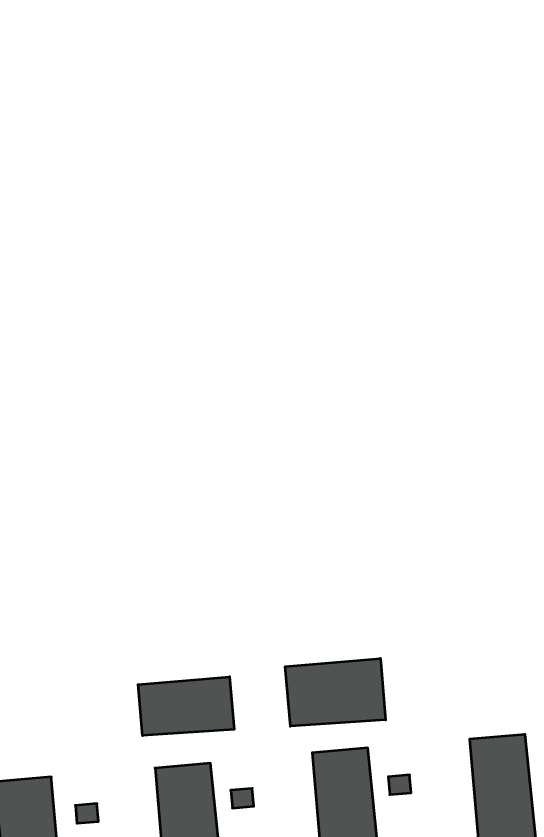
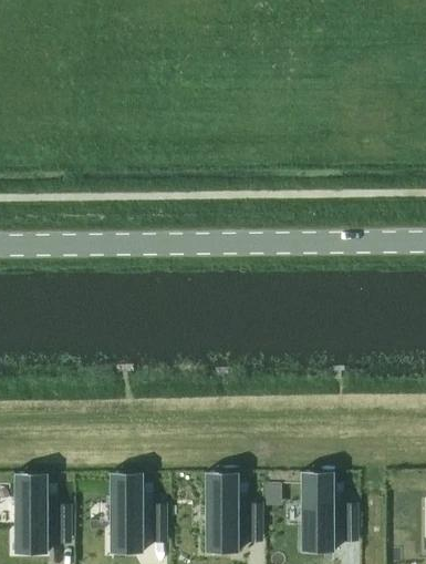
building: [285,658,386,726] -> none
building: [138,677,234,736] -> none

